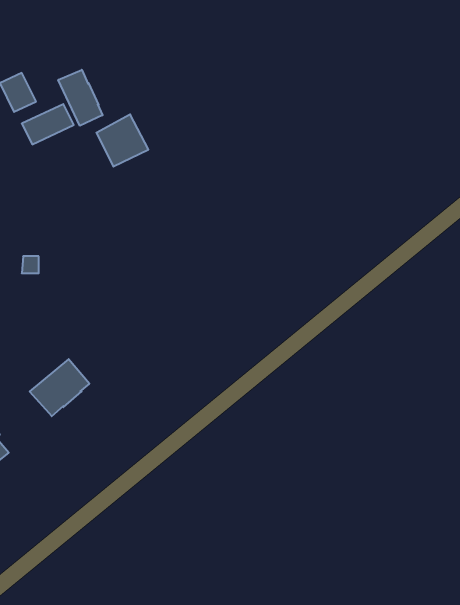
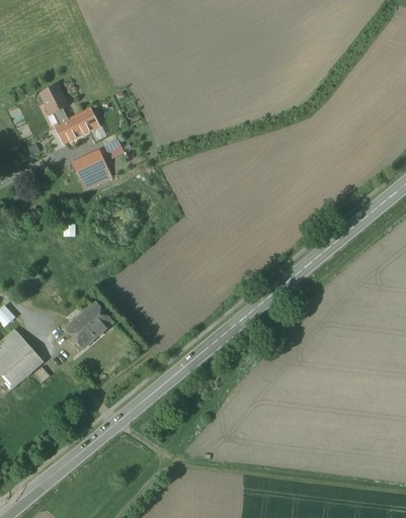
building: [58,70,103,126] -> none
building: [96,114,148,167] -> [73,144,113,184]

